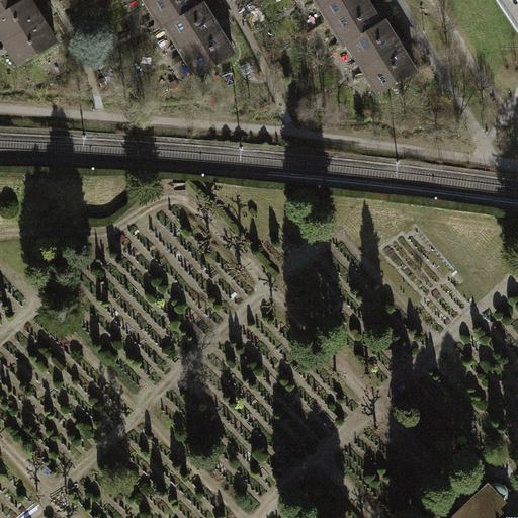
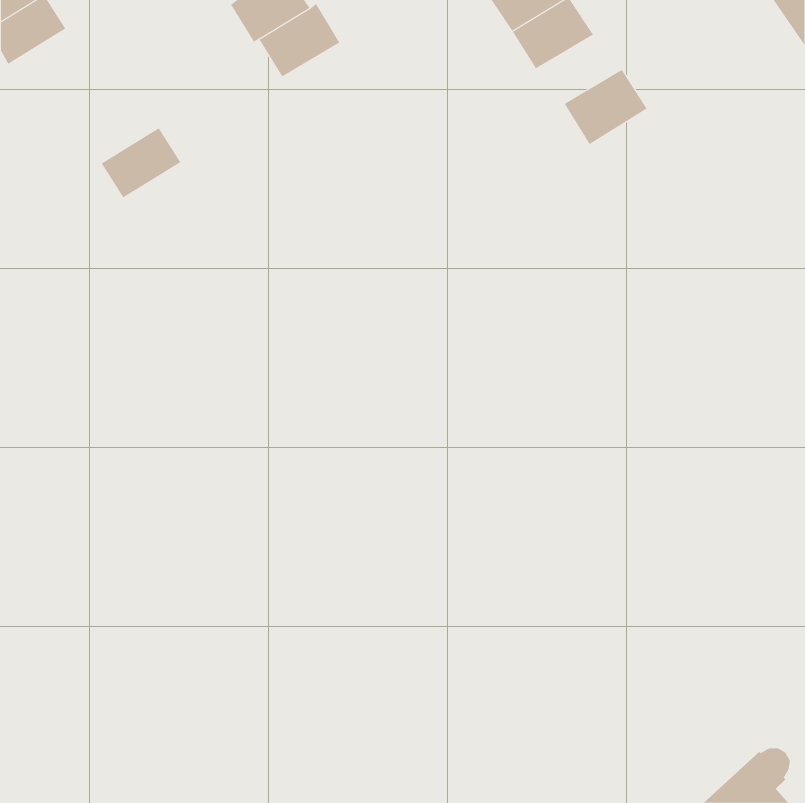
building: [5,18,57,64] -> [101,127,181,198]
building: [347,19,400,67] -> none
building: [181,27,234,75] -> none

